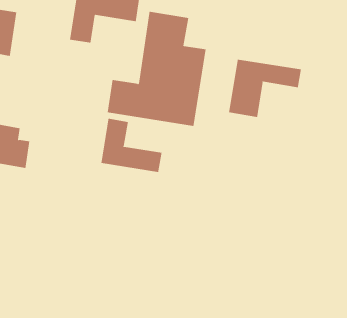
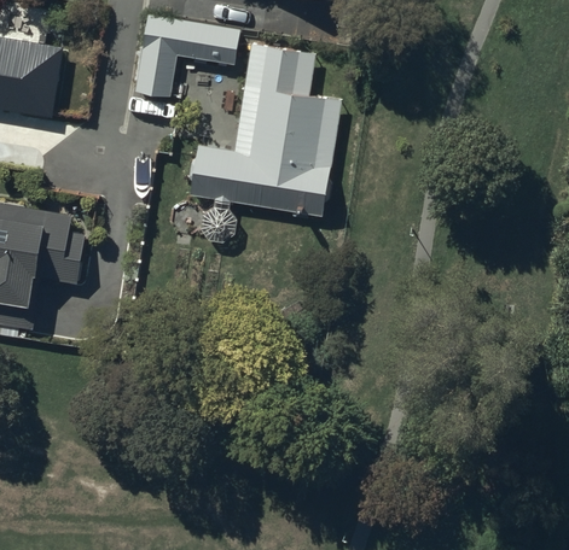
building: [229,59,301,118] -> none
building: [101,118,162,173] -> none

